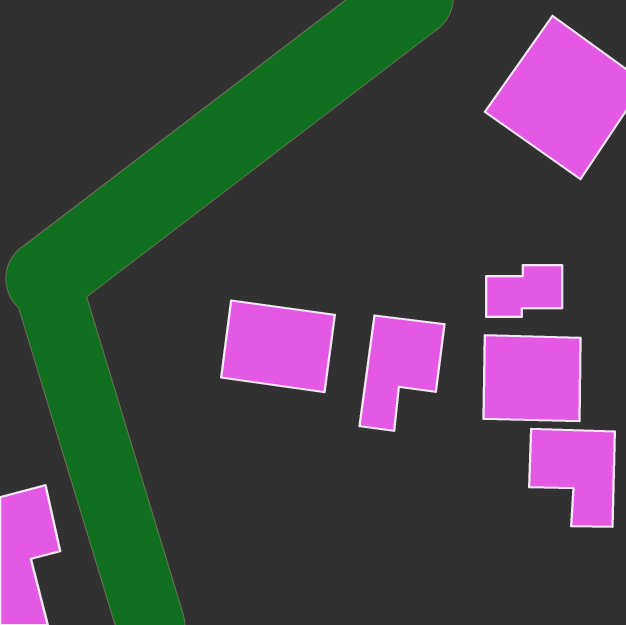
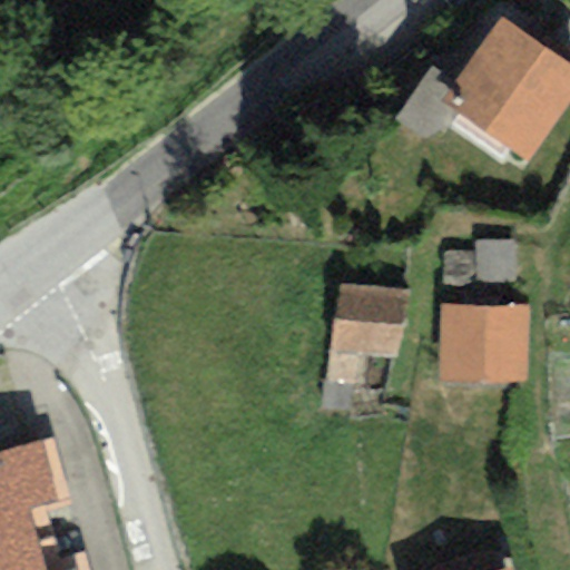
building: [221,300,335,392] -> none
building: [529,429,615,527] -> none

